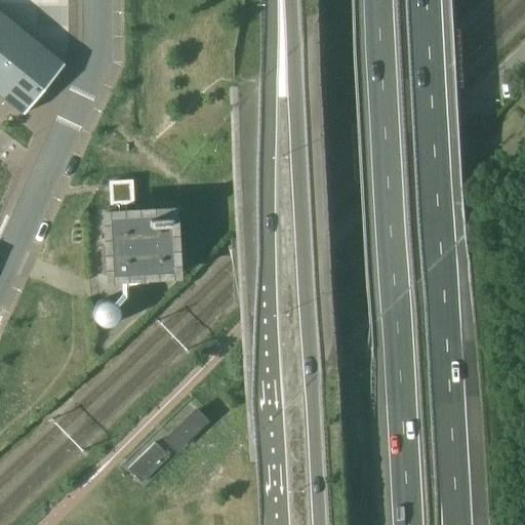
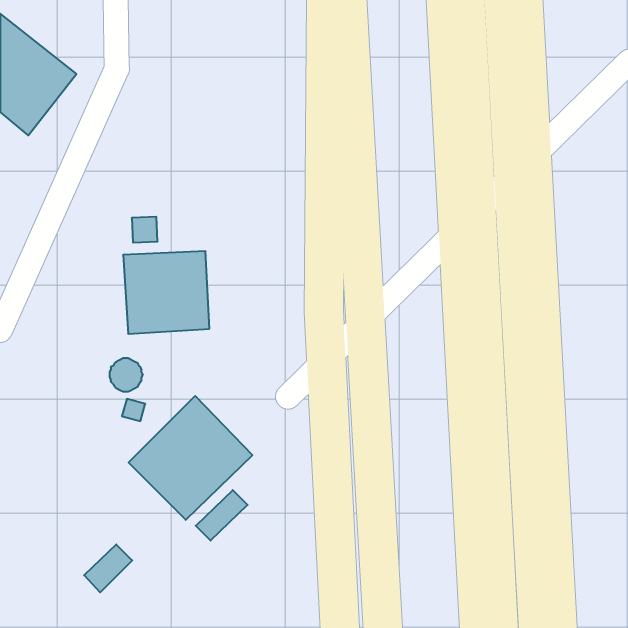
building: none -> [129,396,252,520]
building: [129,443,169,483] -> [84,544,132,592]

